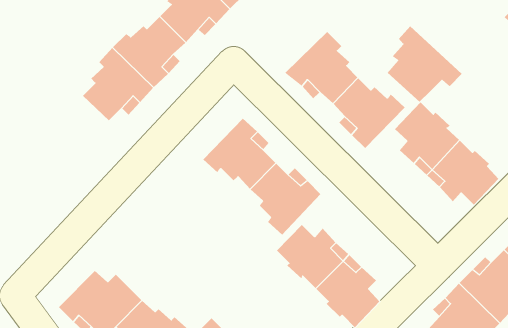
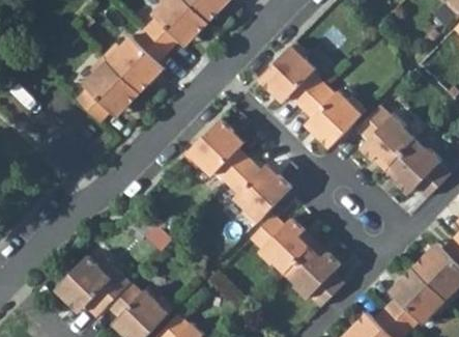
building: [387,25,463,103] -> none

